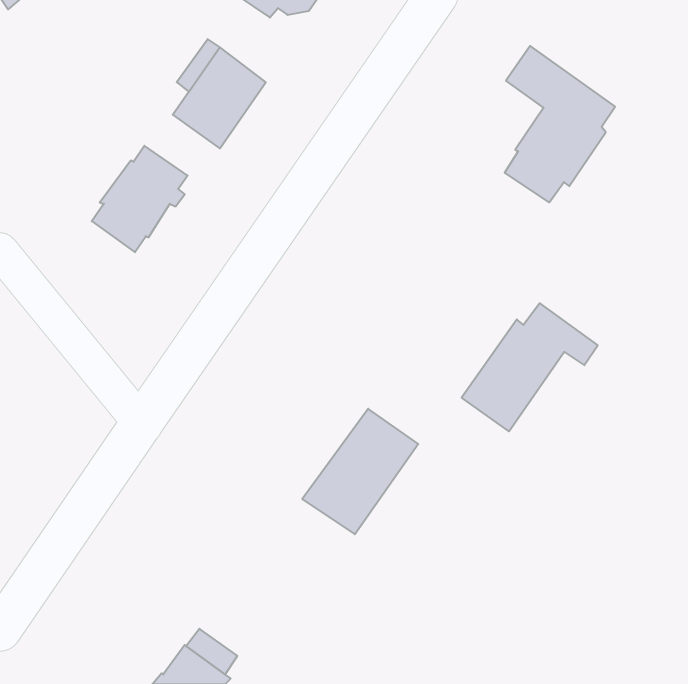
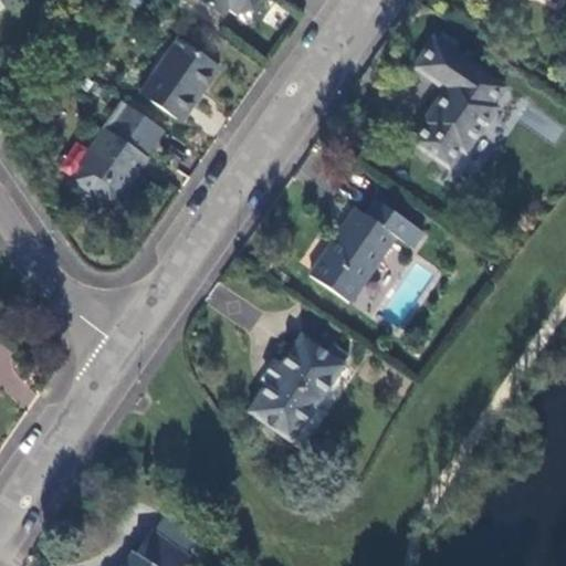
building: [462,303,598,431] -> [312,196,423,301]

